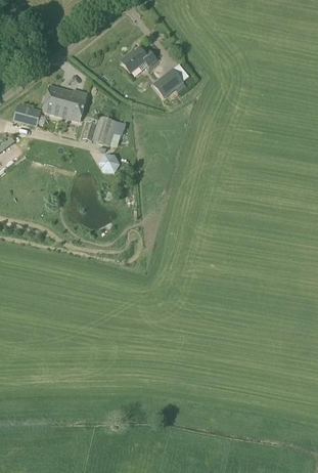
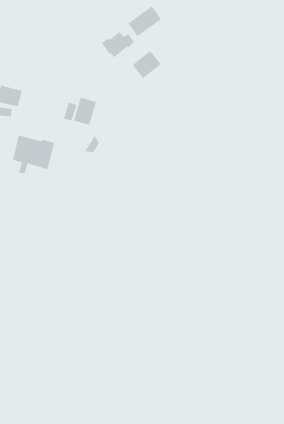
building: none -> [128,6,162,37]
building: [44,85,88,125] -> [12,135,55,174]

